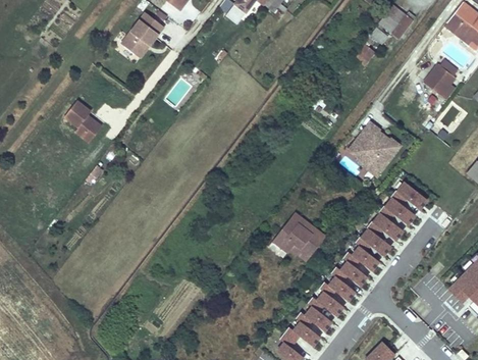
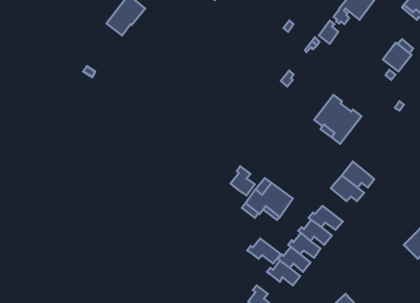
building: [64,101,102,143] -> none
building: [391,179,427,209] -> none
building: none -> [231,166,255,196]
building: [356,224,391,254] -> none
building: [285,318,322,346] -> [247,238,281,263]

